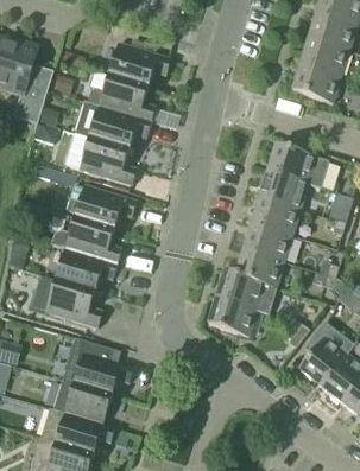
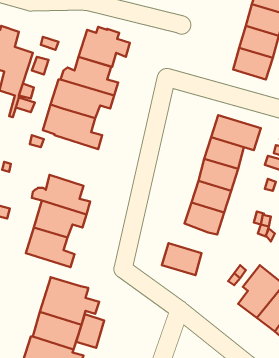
building: [67,183,137,228] -> none
building: [216,269,274,312] -> none
building: none -> [76,314,104,348]

